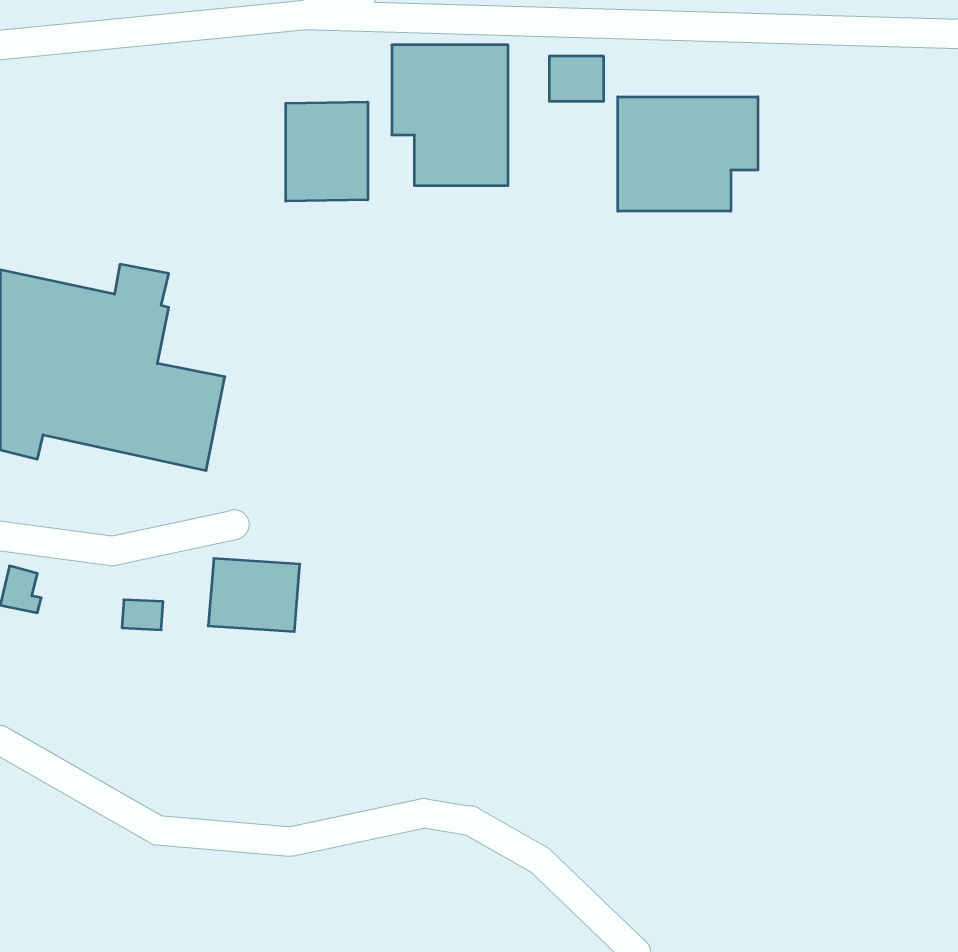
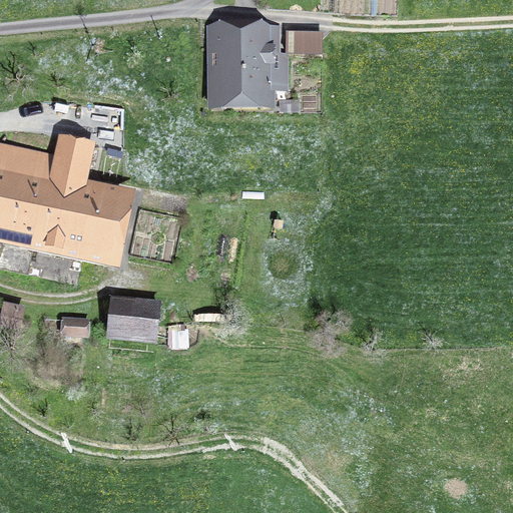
building: [618,97,758,211] -> none
building: [286,102,368,201] -> none

